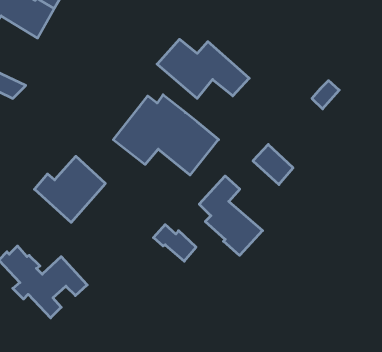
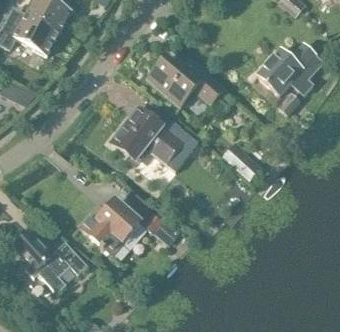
building: none -> [257,42,324,95]
building: [34,156,105,222] -> [80,198,140,254]
building: [199,176,263,255] -> none

